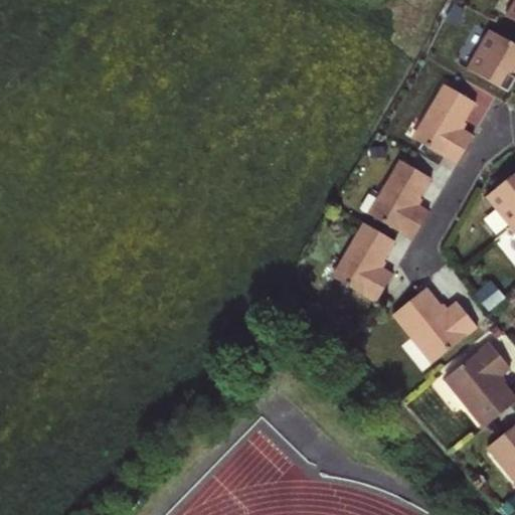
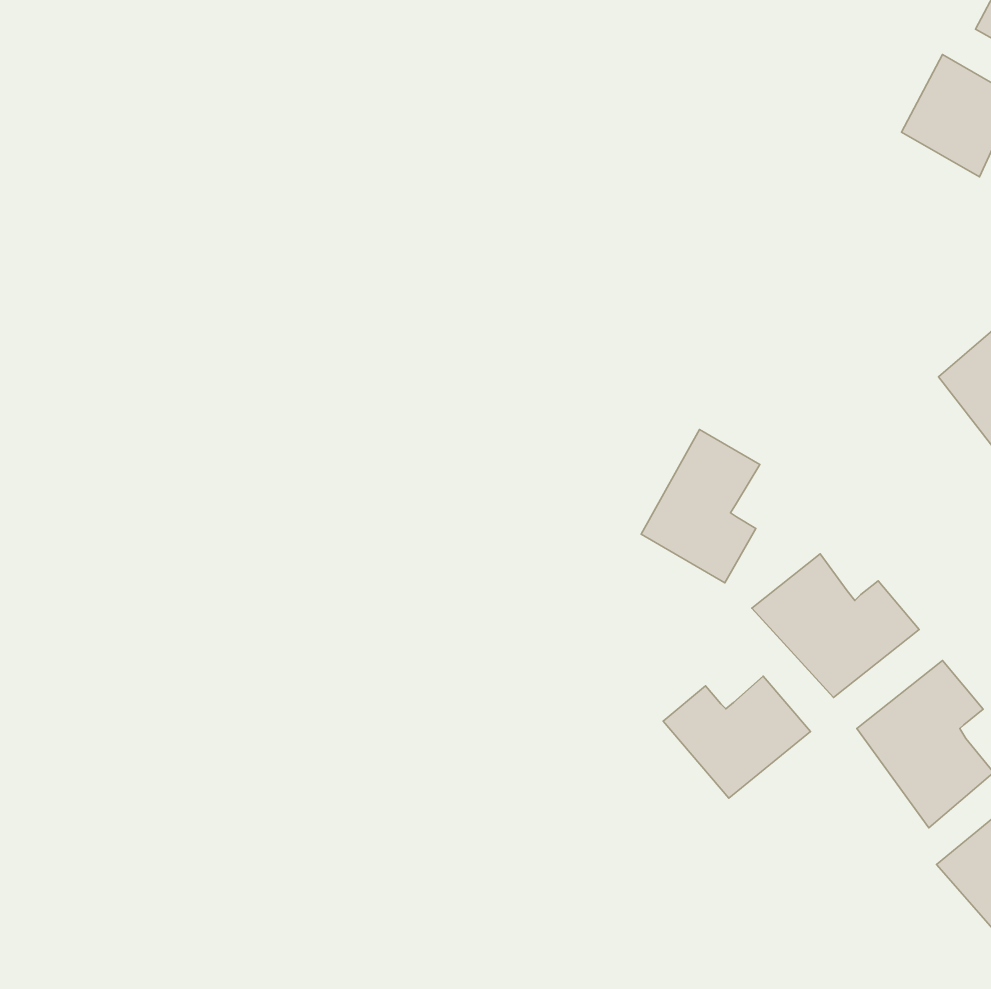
building: [413,82,474,163] -> none
building: [368,159,430,238] -> none
building: none -> [663,676,810,798]

